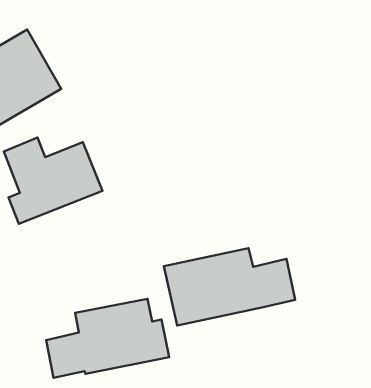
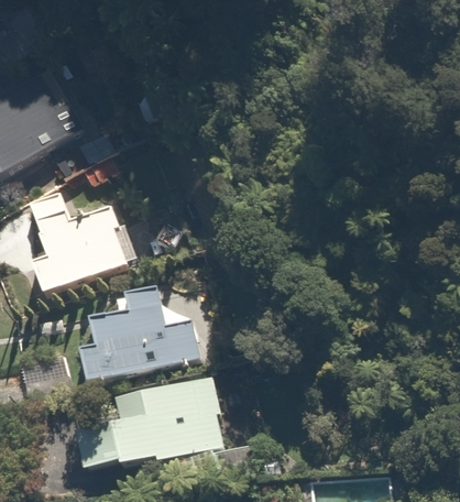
building: none -> [77,296,202,384]
building: [164,248,295,326] -> none

